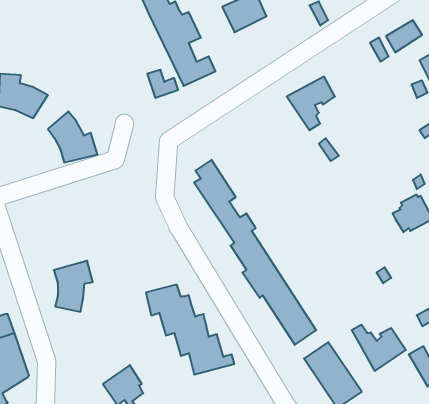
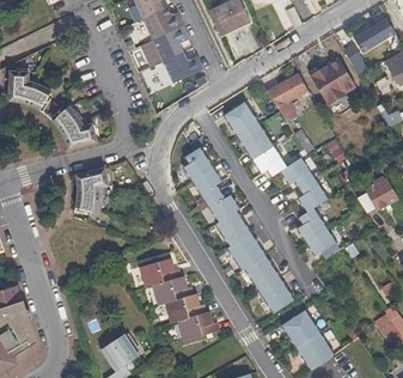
building: none -> [311,57,355,100]
building: none -> [224,102,340,258]
building: [54,261,93,312] -> [75,167,110,213]
building: [352,325,406,371] -> none

